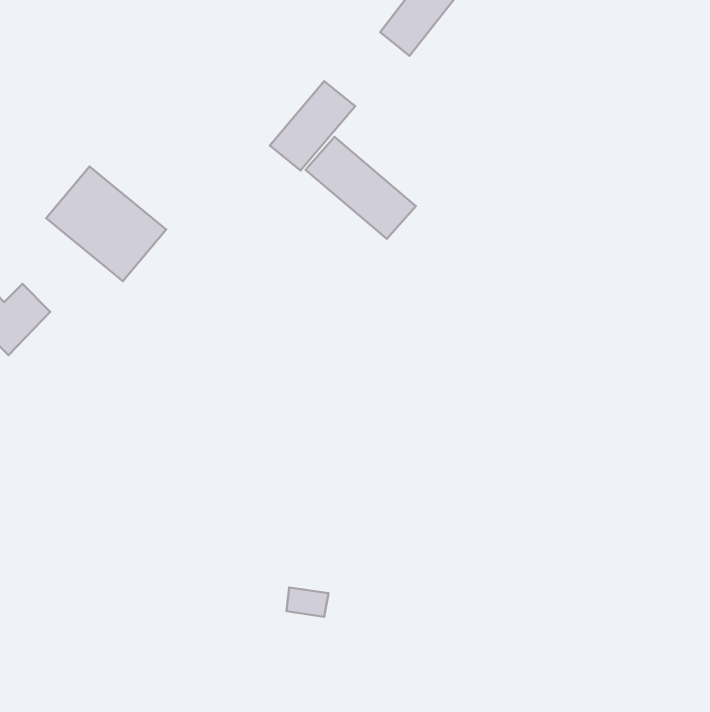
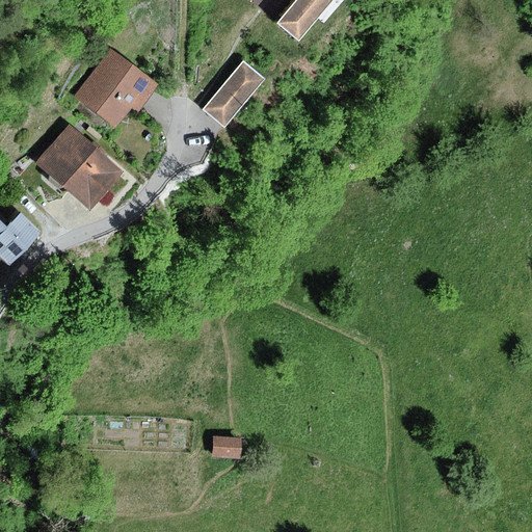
building: none -> [75,49,156,124]
building: [305,137,416,239] -> none

